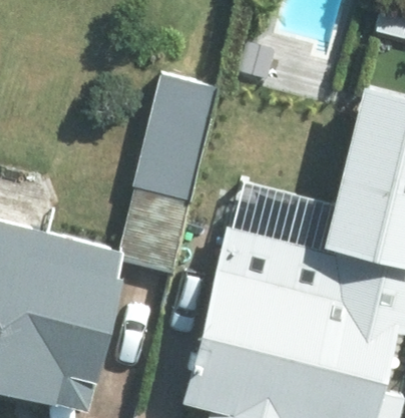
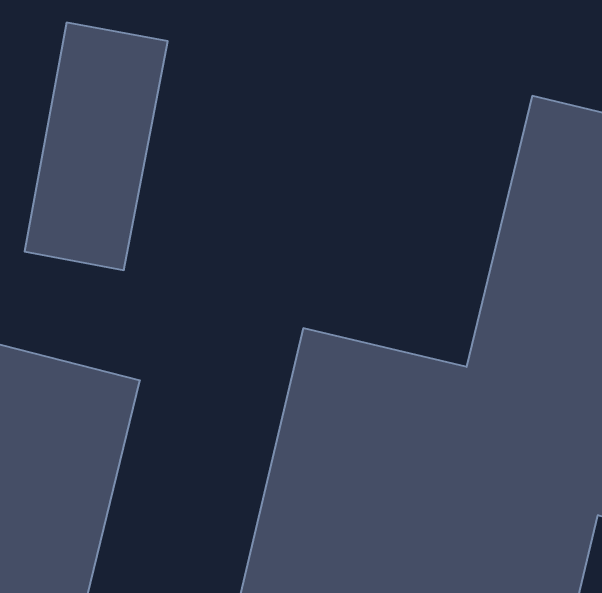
building: [124,124,210,272] -> [25,23,168,270]

